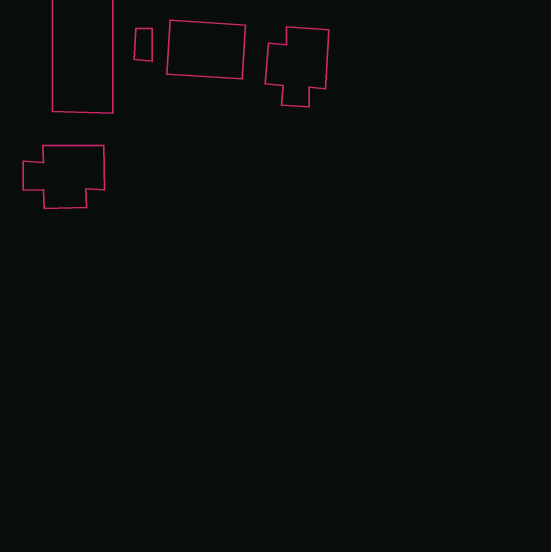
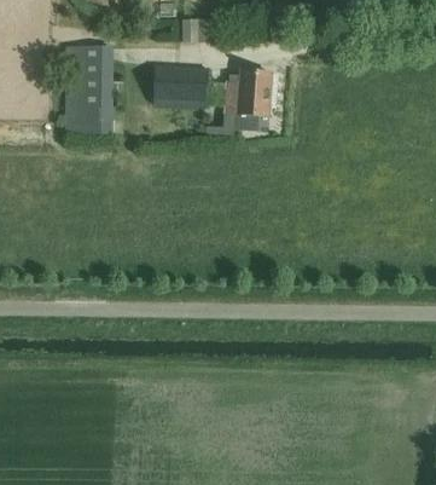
building: [23,145,105,209] -> none

